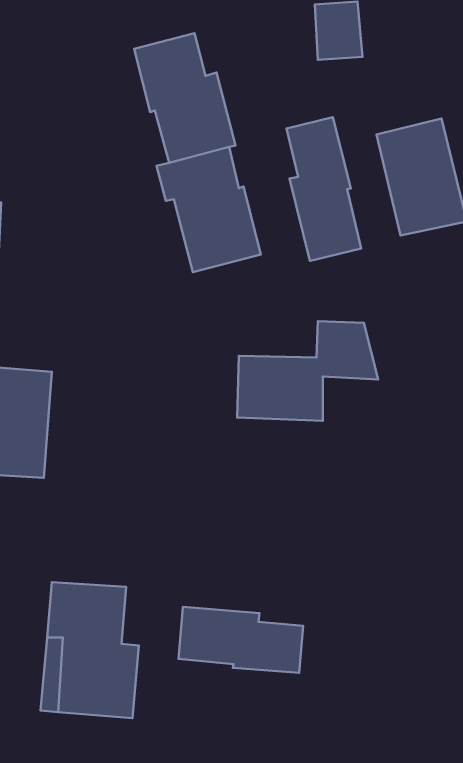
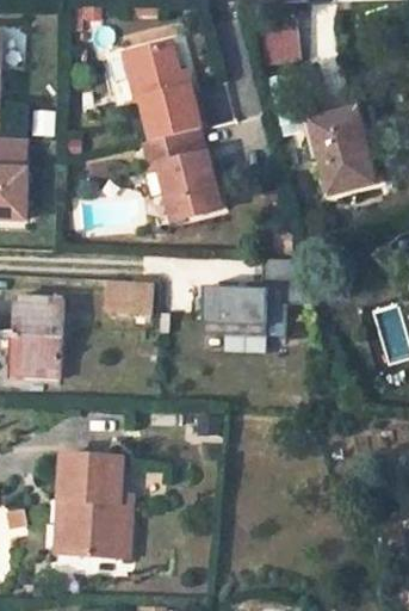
building: [286,117,361,261] -> none
building: none -> [104,278,153,313]
building: [178,607,303,673] -> none

